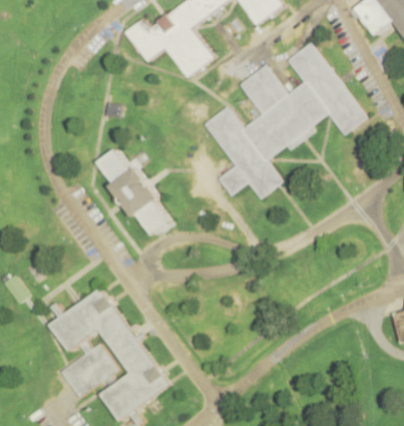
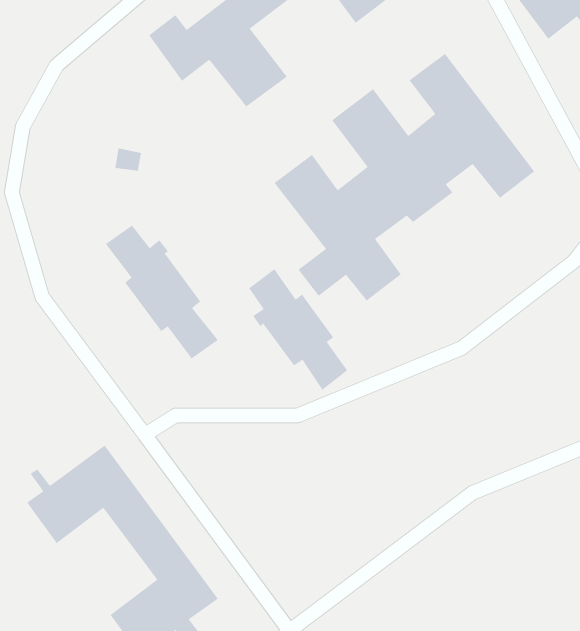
building: none -> [248,268,348,391]
building: [59,343,115,396] -> none

